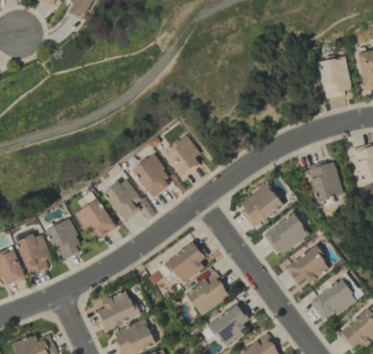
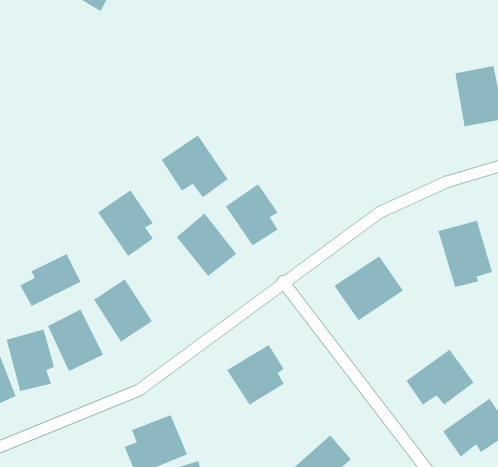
building: none -> [161,135,229,198]
building: [102,176,140,221] -> [97,189,154,257]
building: none -> [20,253,81,307]
building: [263,211,309,255] -> none
building: [184,272,231,314] -> none

